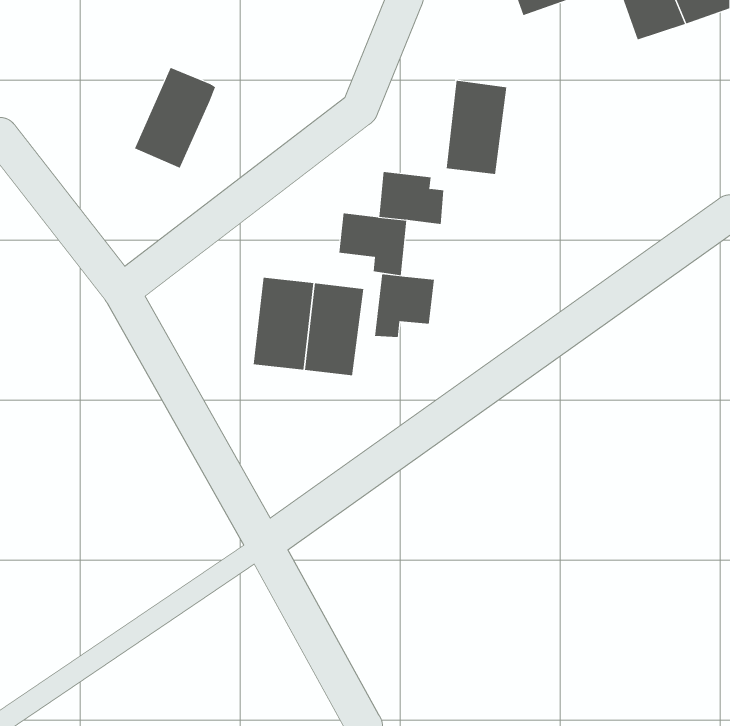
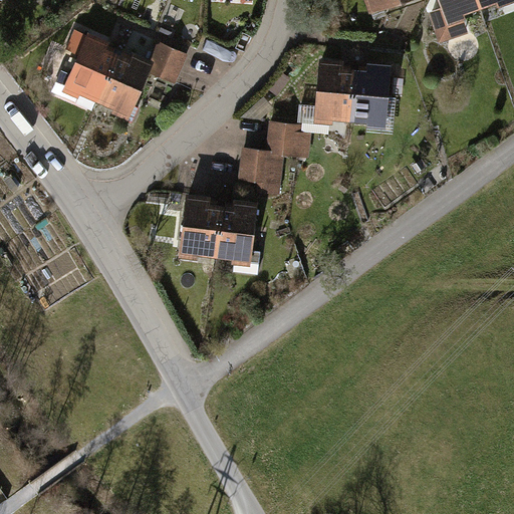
building: none -> [60,32,119,104]
building: none -> [148,40,190,84]
building: none -> [348,61,391,126]
building: [374,273,434,338] -> none

